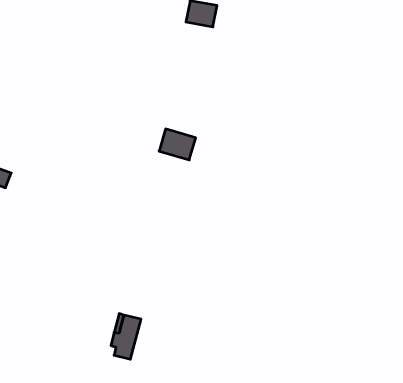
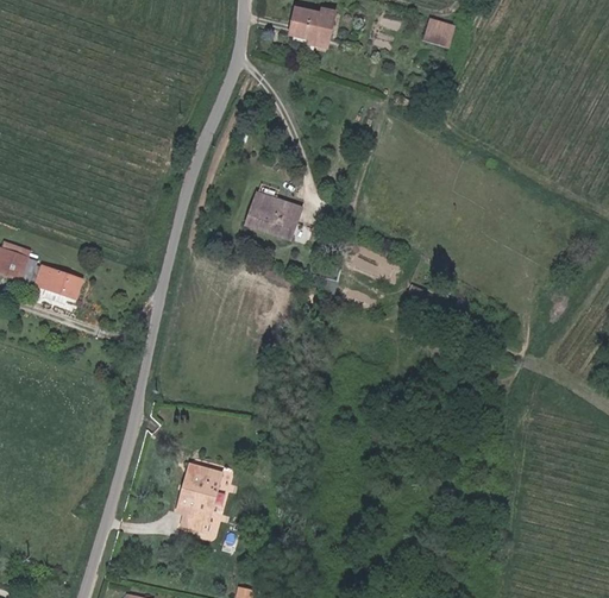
building: none -> [427,19,457,46]
building: none -> [37,265,82,300]

